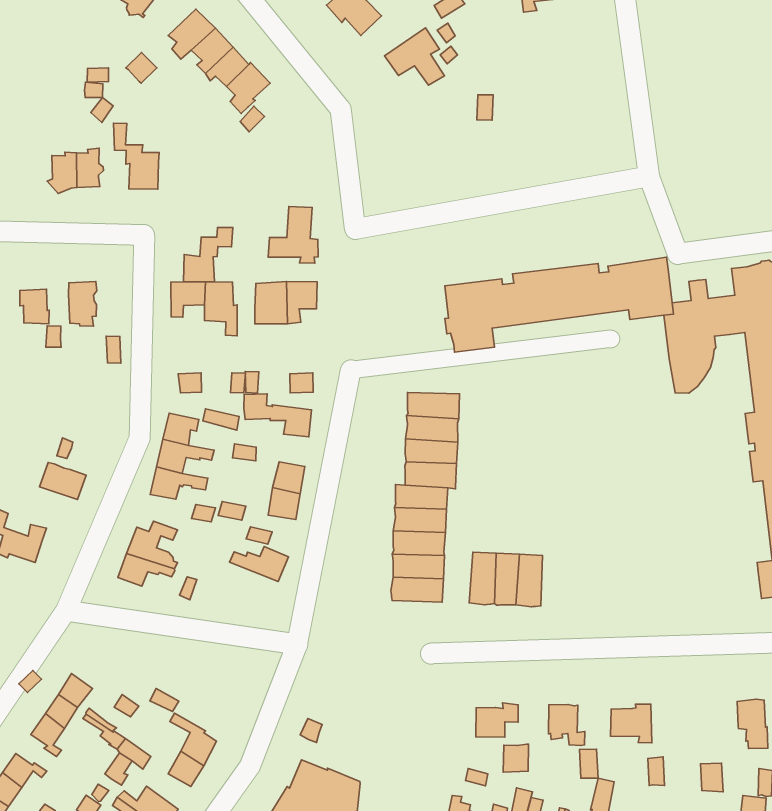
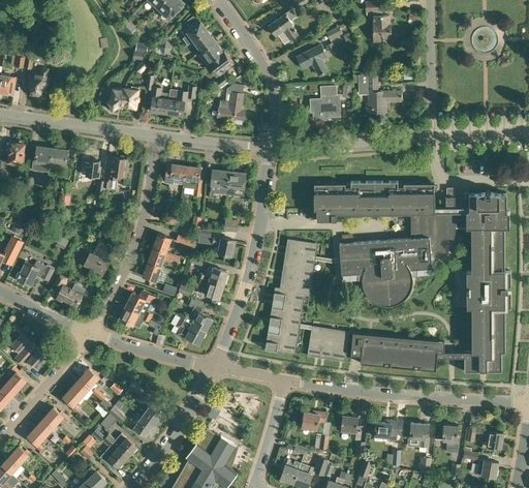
building: none -> [357,75,401,114]
building: none -> [310,86,337,120]
building: [268,206,318,263] -> [216,92,244,124]
building: [184,227,233,282] -> [165,87,195,116]
building: none -> [338,214,432,306]
building: none -> [349,333,443,371]
building: none -> [175,318,205,344]
building: none -> [407,423,428,448]

